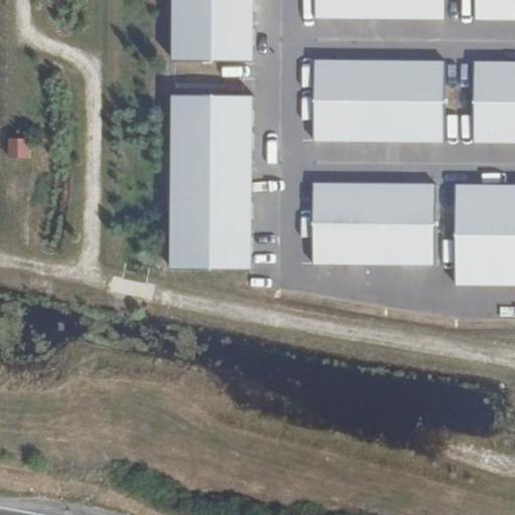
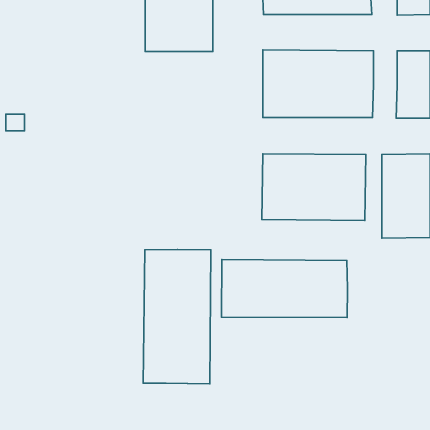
building: [171,93,253,269] -> none
building: none -> [143,249,211,384]
building: none -> [221,259,347,317]

